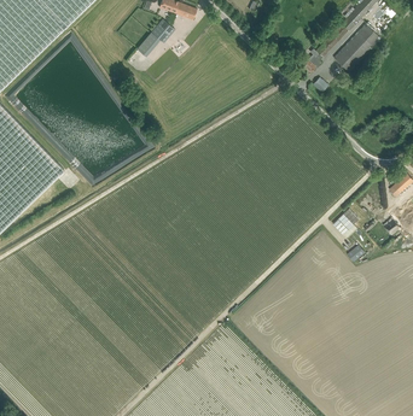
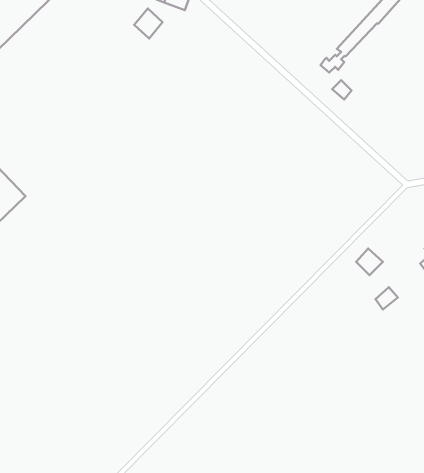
building: [331,23,378,71] -> none

